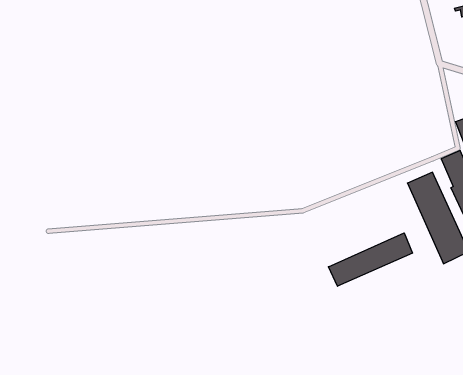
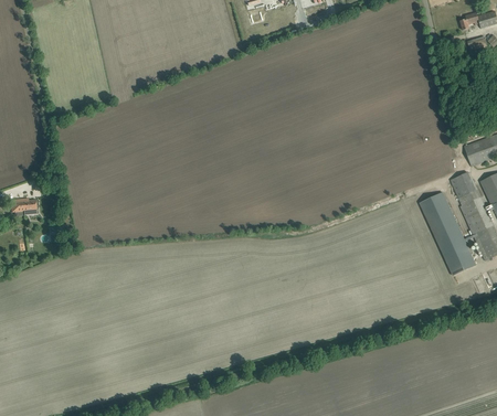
building: [328,233,413,286] -> none

